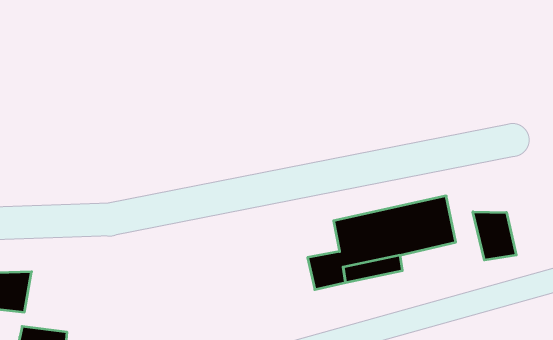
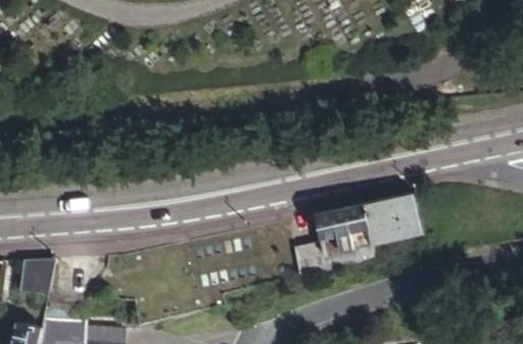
building: [473,212,516,260] -> none

